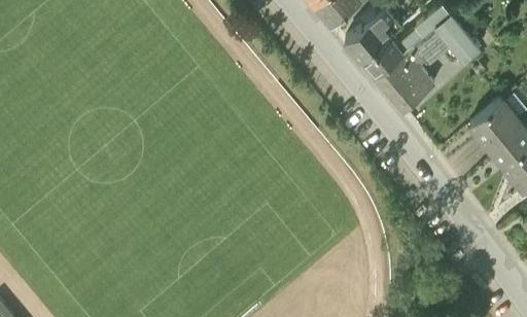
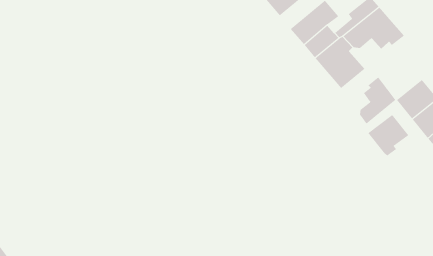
building: none -> [359,76,396,124]
building: none -> [367,114,409,156]

